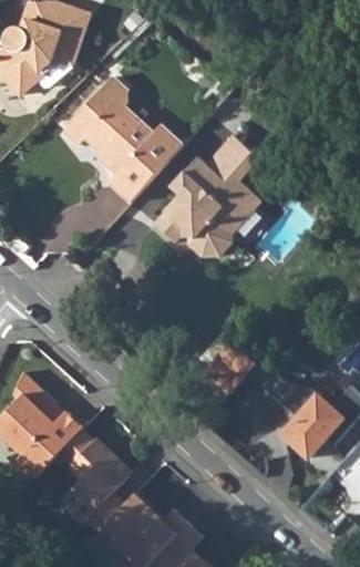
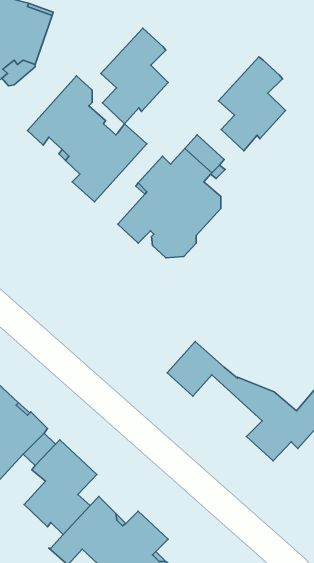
building: none -> [101,28,168,124]
building: none -> [219,57,286,151]

